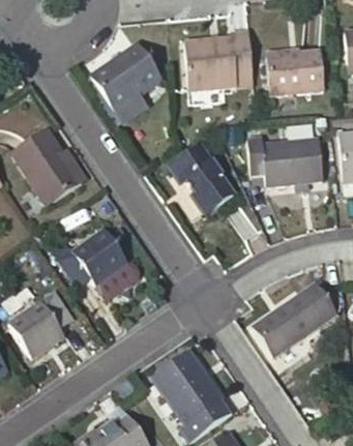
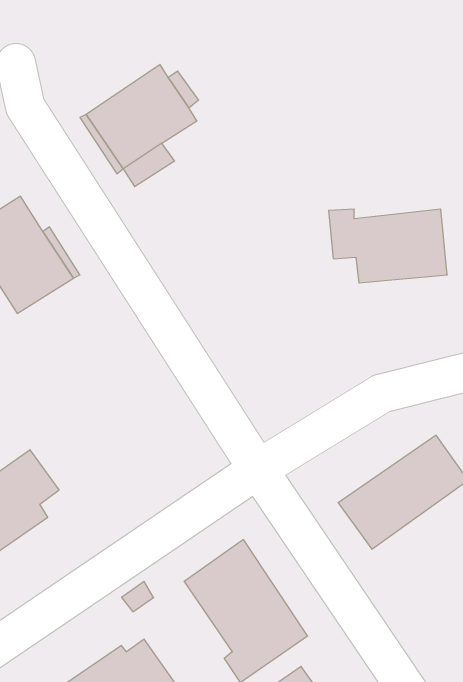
building: [184,30,253,89] -> none
building: [266,50,324,94] -> none
building: [170,144,235,211] -> none
building: [53,236,134,295] -> none

